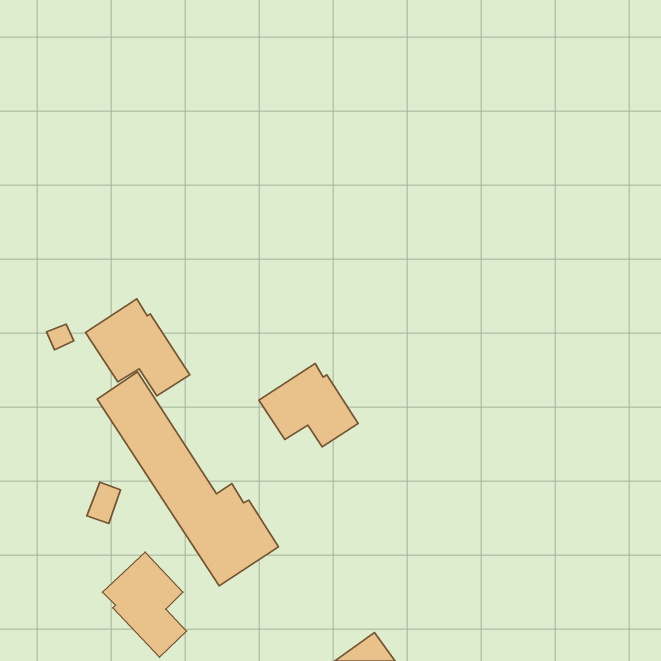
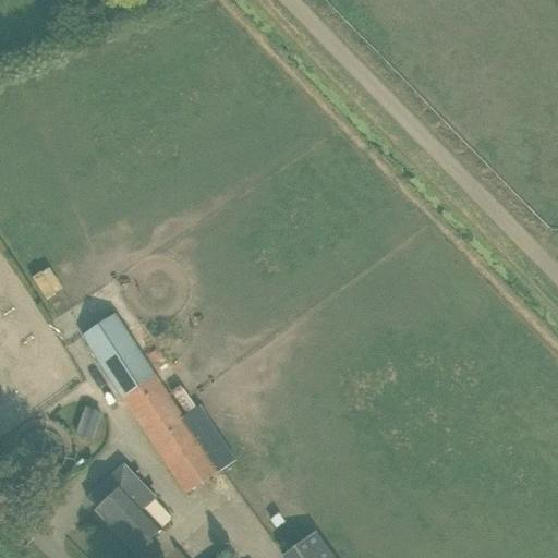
building: [86,299,190,396] -> none
building: [259,364,358,447] -> none

